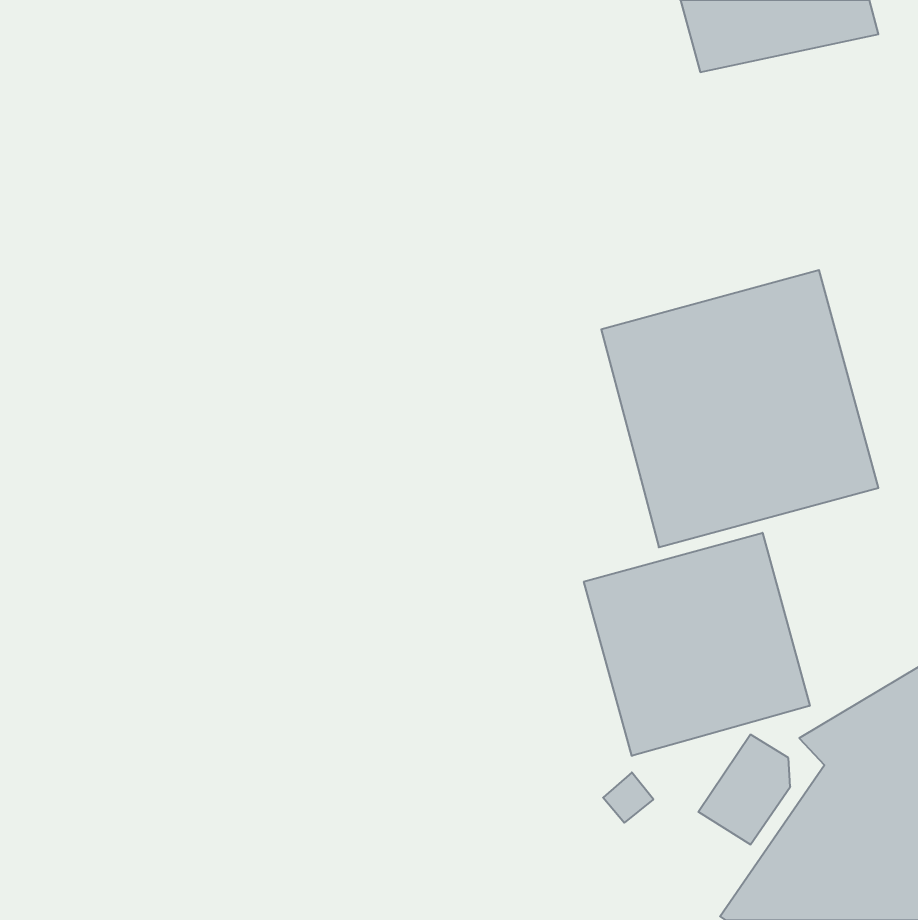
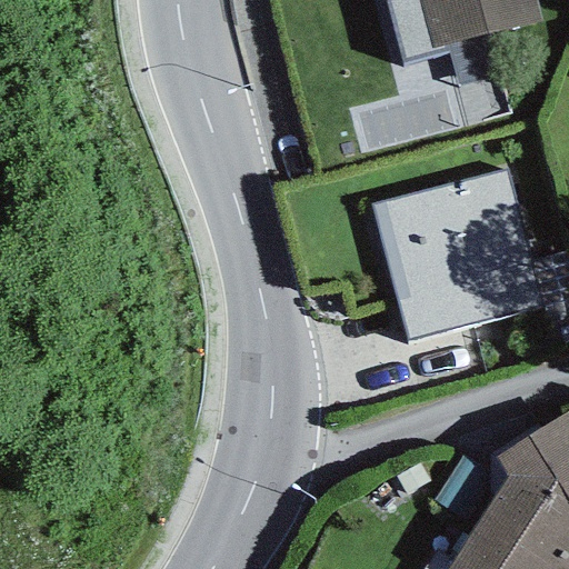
building: [584,533,810,756] -> none

